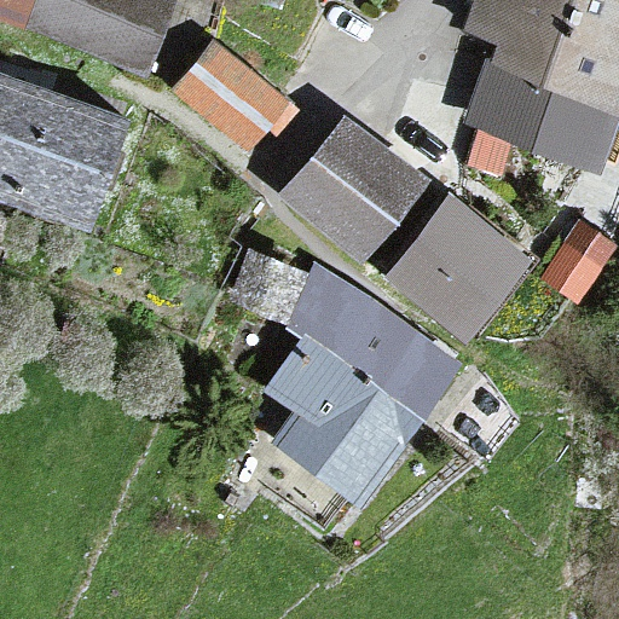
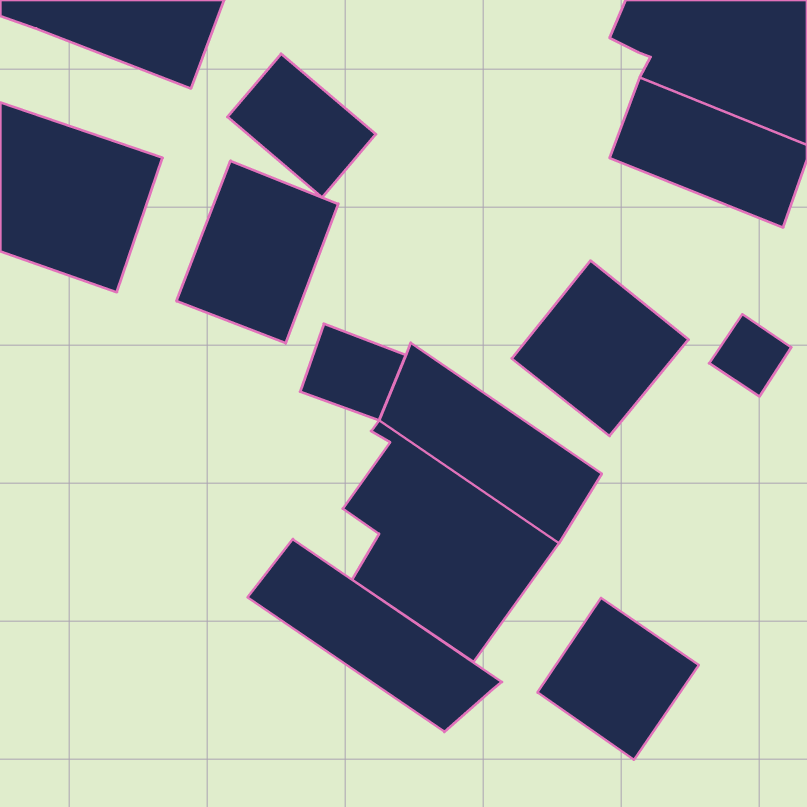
building: [279,112,430,264] -> none
building: none -> [177,161,338,343]
building: none -> [248,539,502,732]
building: none -> [538,598,699,760]

